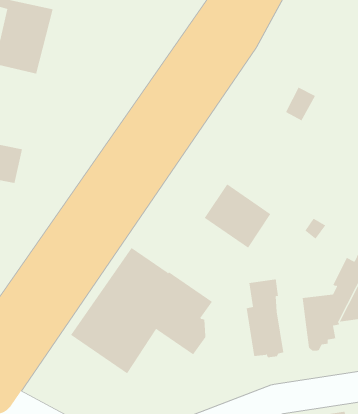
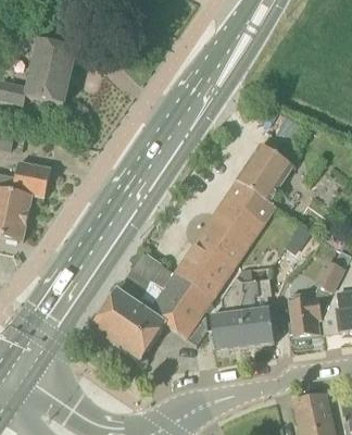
building: none -> [224,145,292,224]
building: none -> [174,227,242,299]
building: none -> [209,278,247,352]

